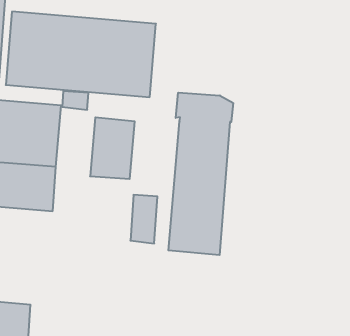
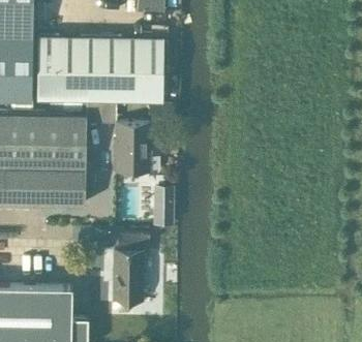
building: [168,93,233,255] -> none
building: none -> [114,237,150,303]

